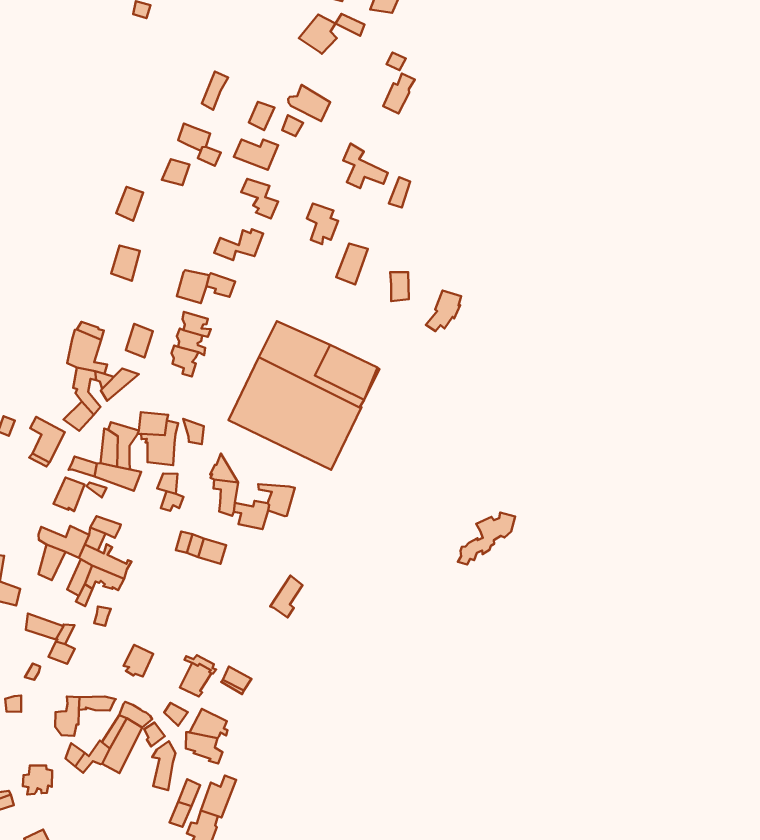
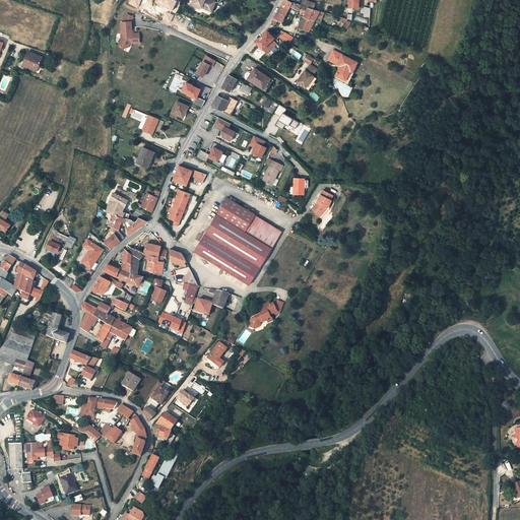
building: none -> [118,14,138,49]
building: none -> [328,53,356,80]
building: [458,512,515,565] -> [248,301,282,328]

